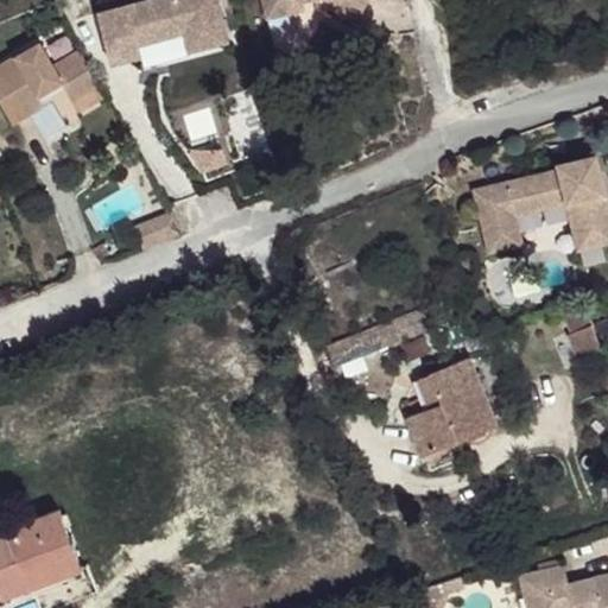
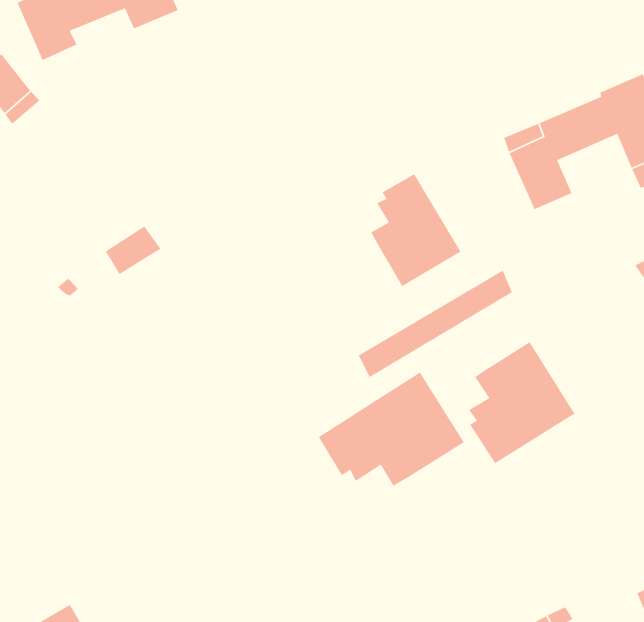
building: none -> [370,173,462,287]
building: none -> [318,371,465,487]

